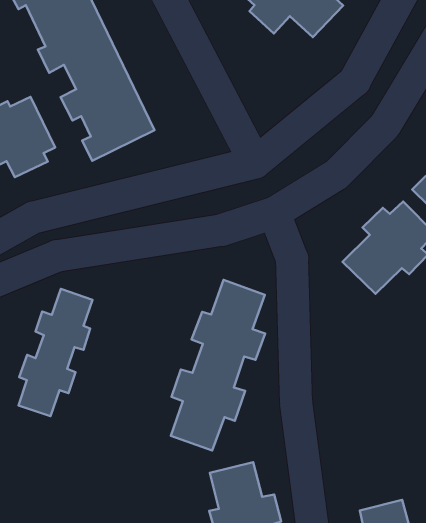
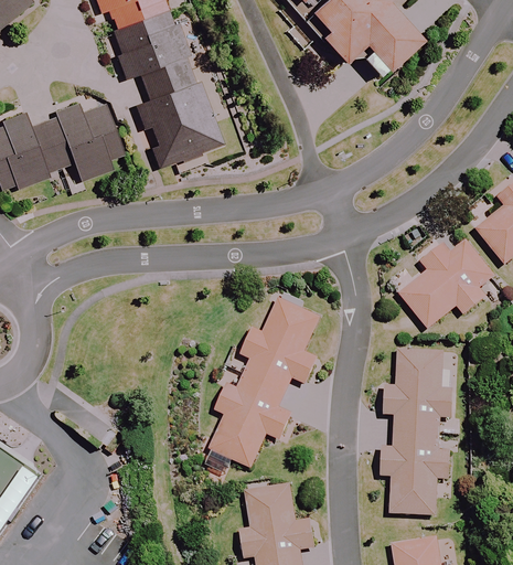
building: [19,289,93,416] -> none
building: none -> [382,348,449,515]

